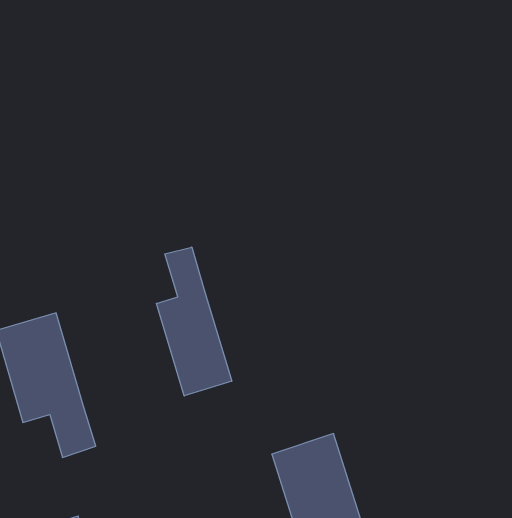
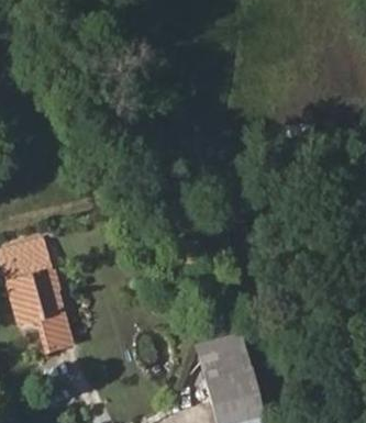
building: [156,247,232,396] -> none

